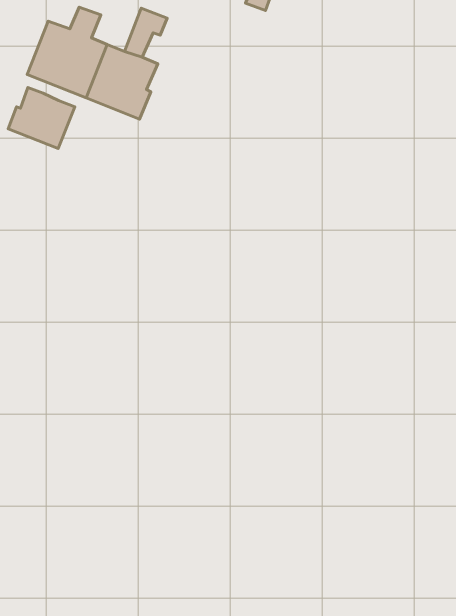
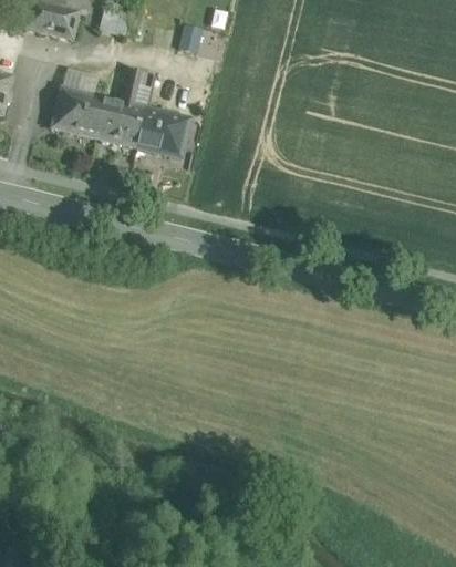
building: none -> [137,106,191,158]
building: [8,87,75,149] -> none

